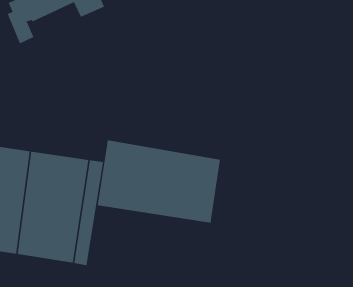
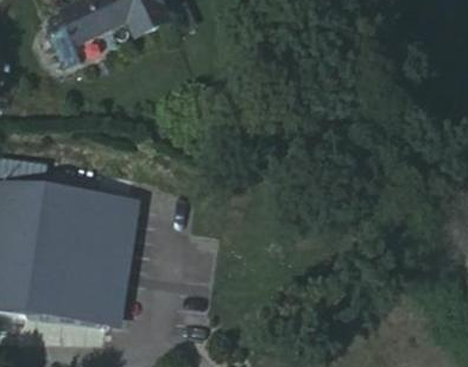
building: [97,140,220,223] -> none

